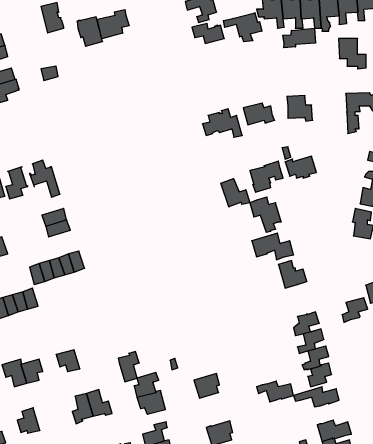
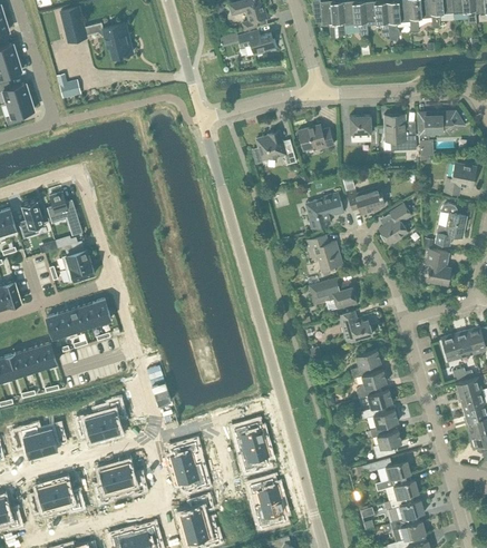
building: [97,10,129,39] -> none
building: [223,13,262,42] -> none
building: [283,28,315,48] -> none
building: [339,39,366,69] -> [383,115,416,150]
building: none -> [379,204,411,244]
building: [221,179,250,207] -> none
building: [342,298,368,322] -> [351,350,381,379]
building: [118,352,139,382] -> [98,401,123,437]
building: none -> [234,422,266,450]
building: [257,381,294,402] -> [374,477,418,501]
building: none -> [250,478,282,505]
building: none -> [51,479,81,510]

